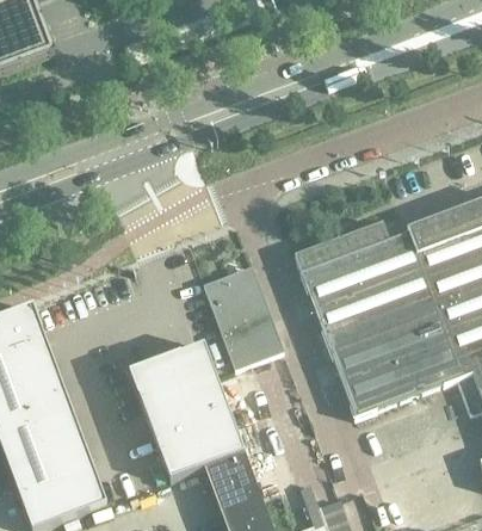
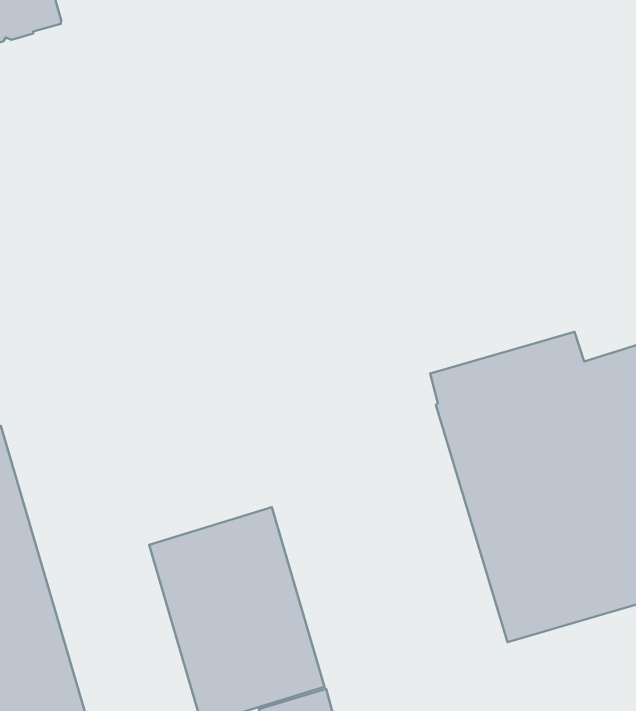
building: [203,264,283,368] -> none

